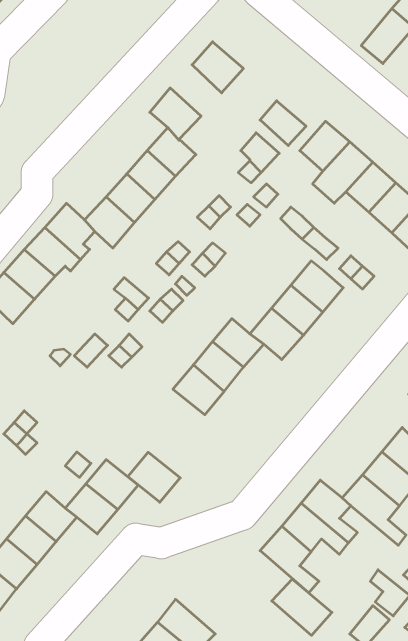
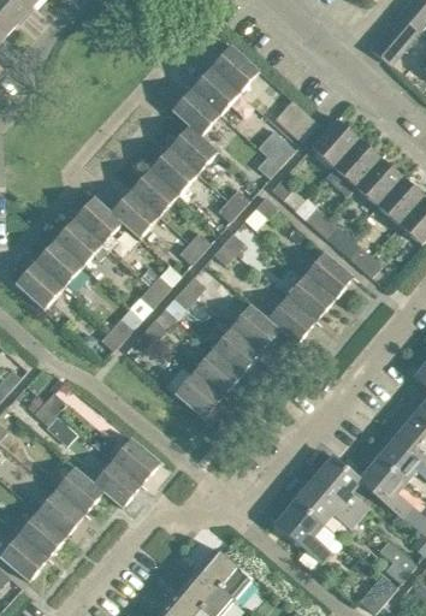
building: none -> [191,66,239,114]
building: [128,452,180,502] -> [174,371,224,417]
building: [272,579,332,635] -> [196,547,253,600]

